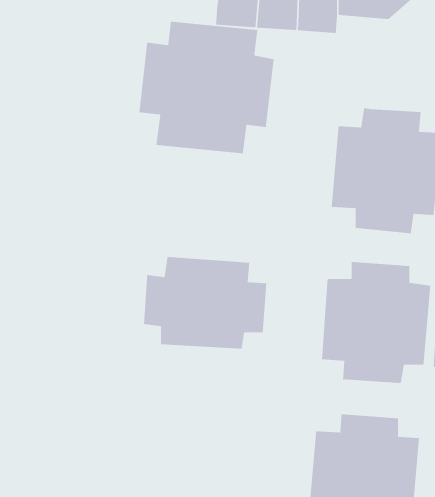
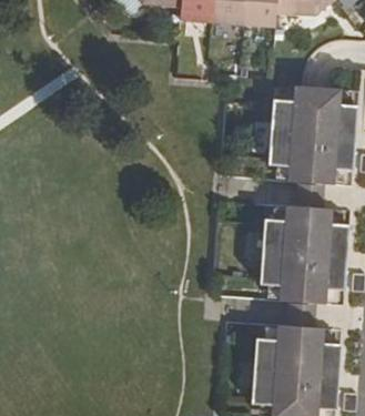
building: [138,21,274,154] -> none
building: [143,256,267,350] -> none

